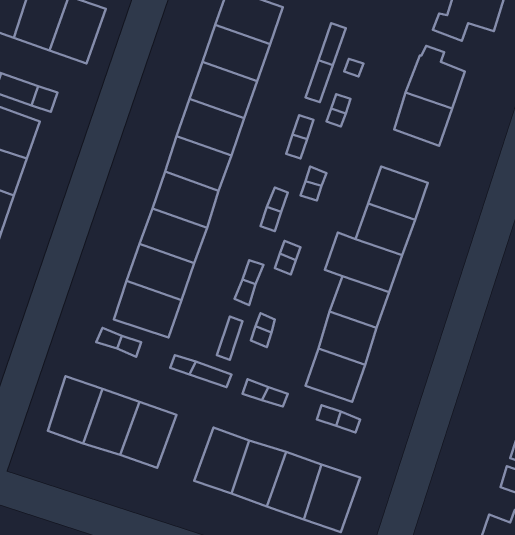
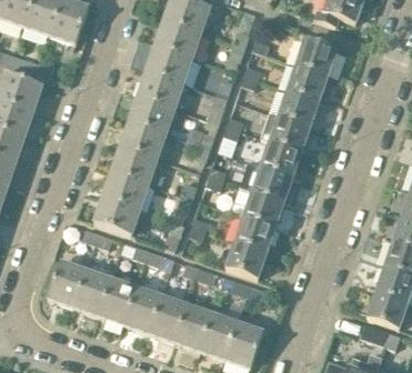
building: none -> [278,90,318,127]
building: none -> [123,286,162,332]

